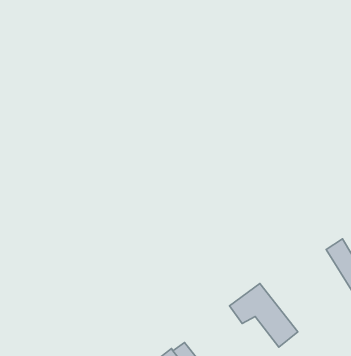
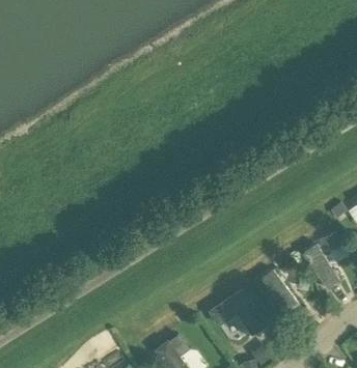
building: none -> [259,270,301,315]

